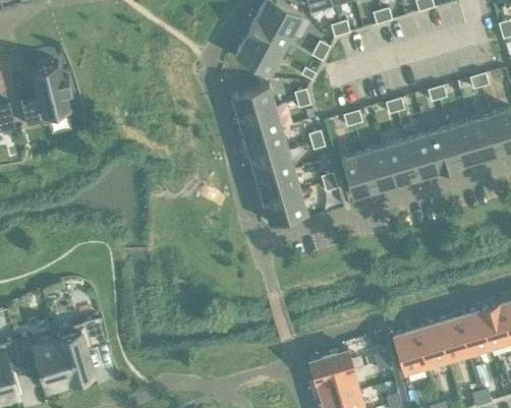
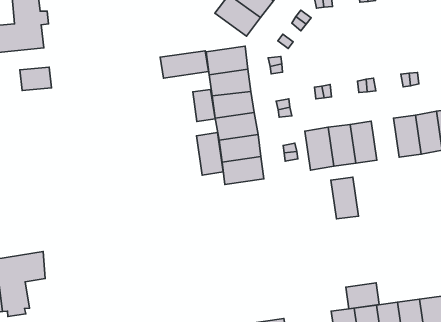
building: none -> [160,51,209,78]
building: none -> [193,89,215,121]
building: none -> [20,67,52,91]
building: [405,135,438,179] -> [331,177,358,219]
building: none -> [196,133,223,175]
building: none -> [346,283,379,309]

